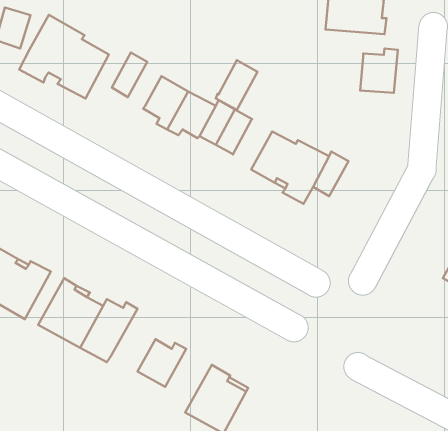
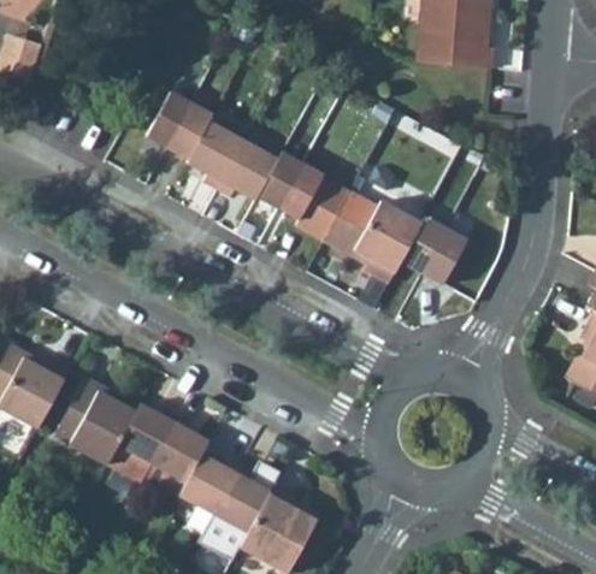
building: [19,15,109,99] -> none
building: [360,49,398,93] -> none
building: [216,60,258,110] -> [296,177,349,239]
building: none -> [167,103,213,159]
building: none -> [421,229,467,284]
building: none -> [146,415,210,495]
building: none -> [199,464,282,561]

